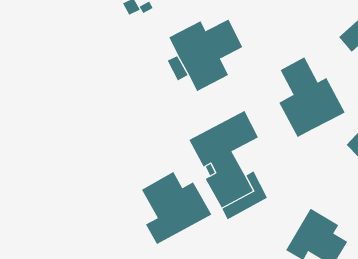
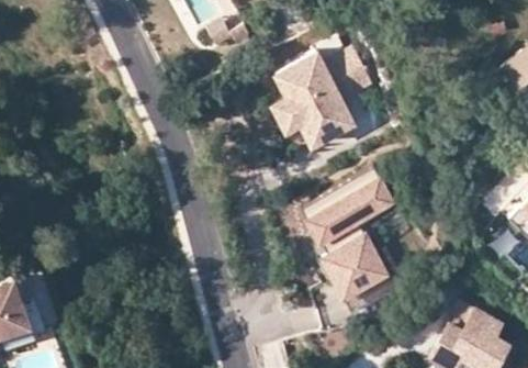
building: [279,57,345,138] -> none
building: [141,171,212,245] -> none

